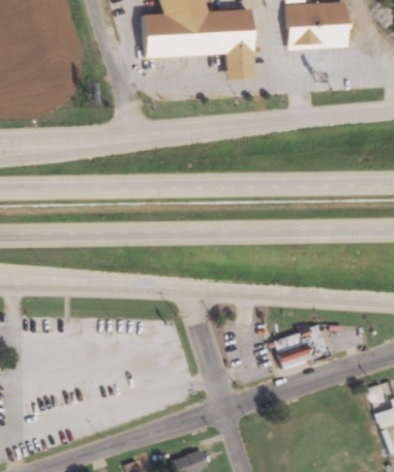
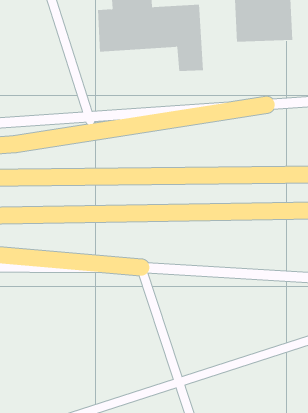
building: [273,329,319,368] -> none

